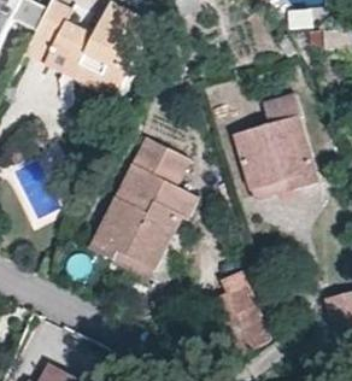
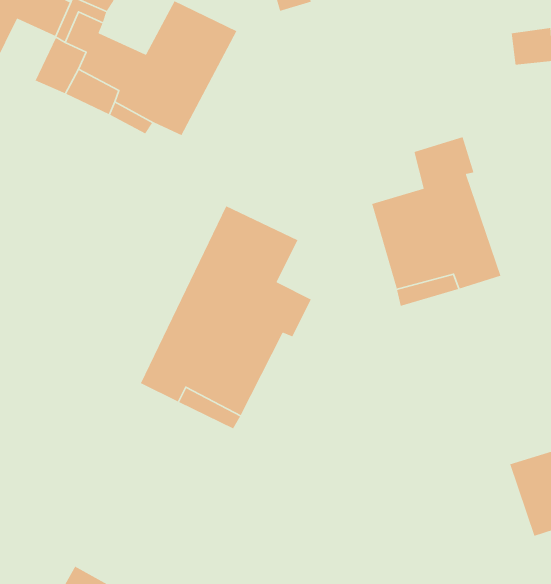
building: [215,269,269,356] -> none

